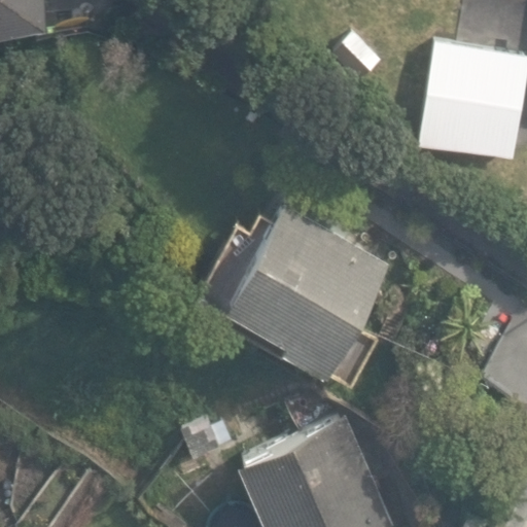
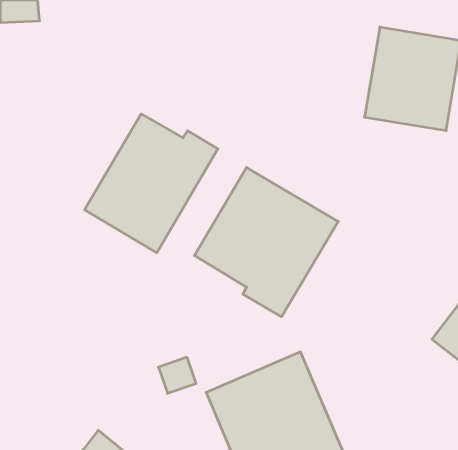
building: none -> [85,114,218,253]

